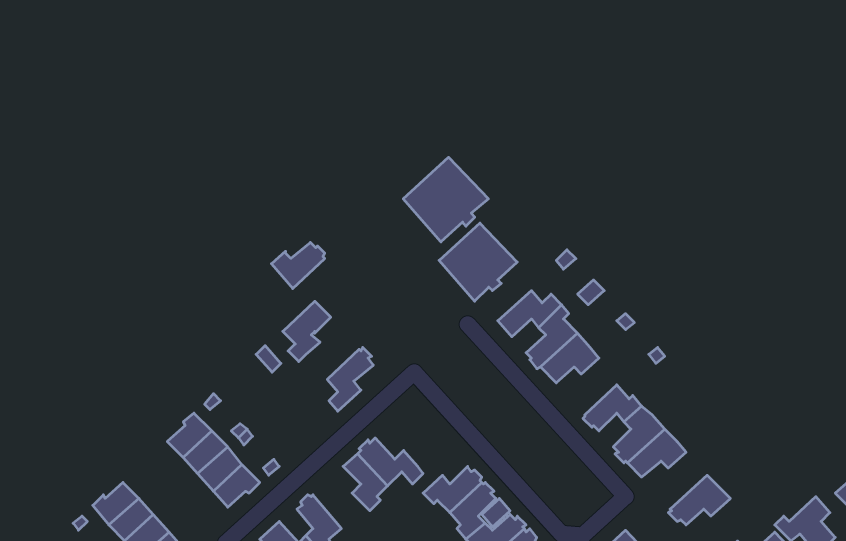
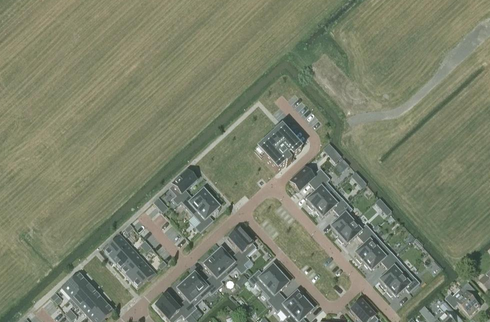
building: [403,157,488,242] -> none
building: [271,242,325,289] -> [181,189,211,215]
building: none -> [330,203,356,235]
building: none -> [228,228,256,264]
building: none -> [378,256,407,289]
building: none -> [184,272,217,299]

